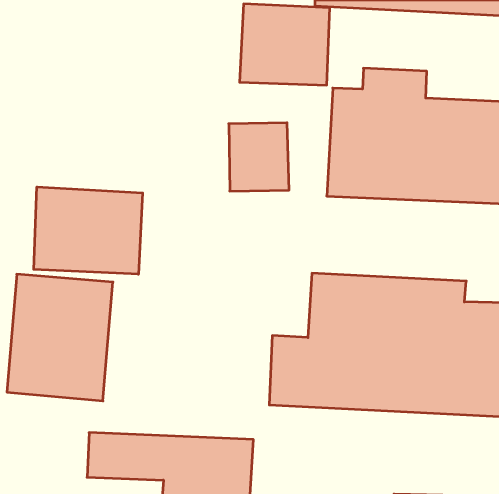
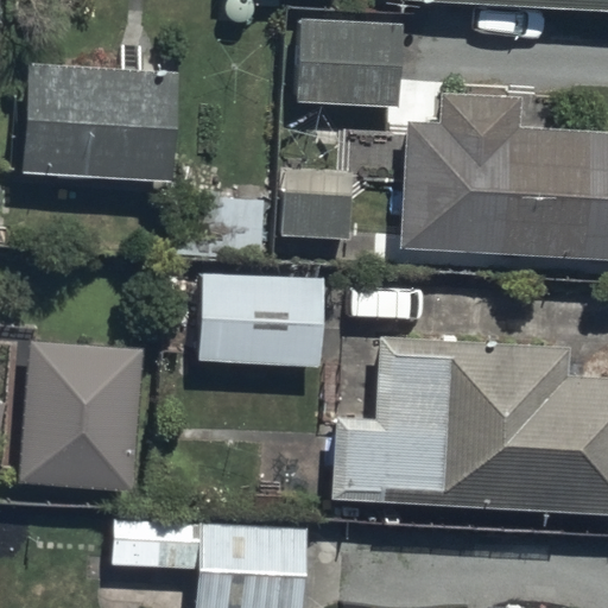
building: none -> [14,59,177,176]
building: [34,187,143,274] -> none
building: none -> [194,272,327,369]

